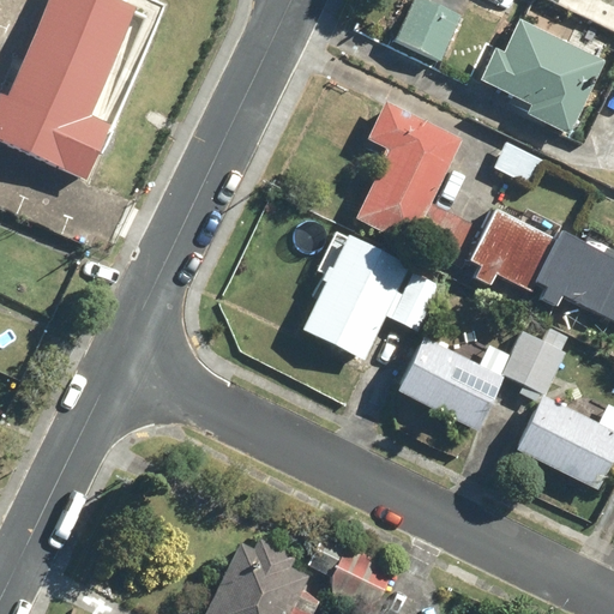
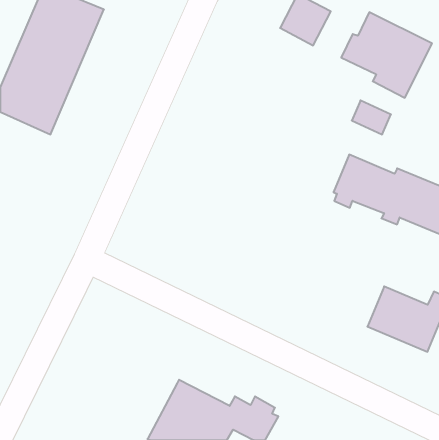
building: [354,101,463,255] -> none
building: [299,235,438,359] -> none
building: [502,324,570,392] -> none
building: [392,337,501,432] -> none

